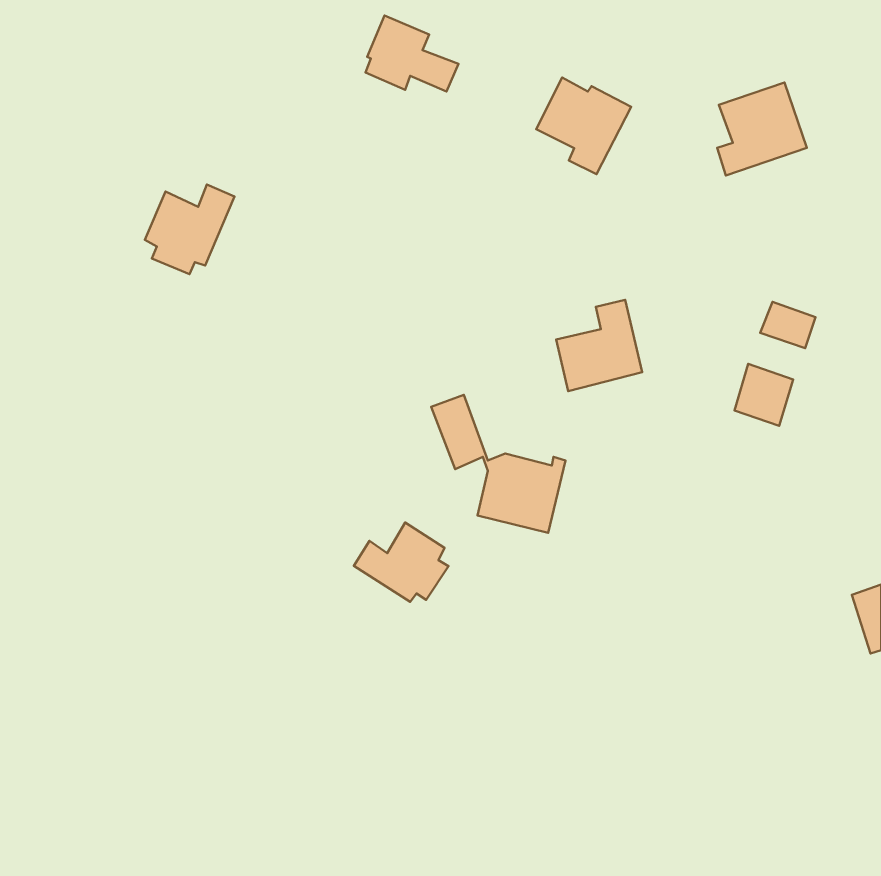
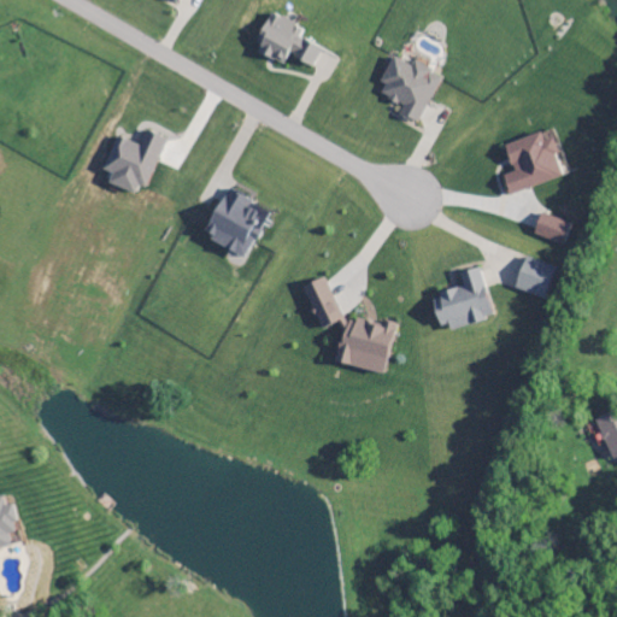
building: [717,82,807,176] -> [501,128,564,193]
building: none -> [201,187,268,255]
building: [556,300,642,391] -> [430,265,490,329]
building: [354,523,448,602] -> none

